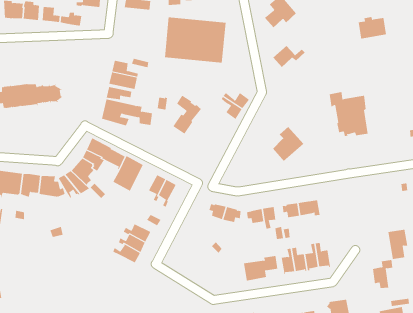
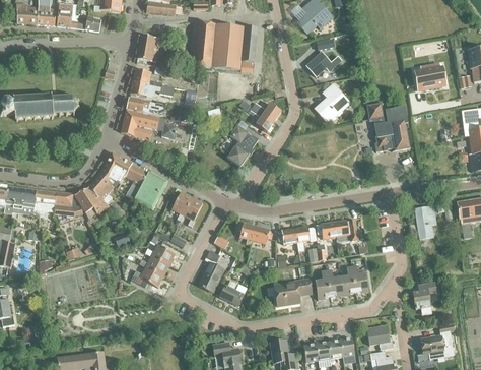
building: [358,16,387,39] -> [414,65,445,89]
building: none -> [136,35,159,61]
building: [172,95,202,135] -> [226,124,258,167]
building: [272,126,304,162] -> [315,83,349,122]
building: [387,229,408,259] -> [414,205,436,238]
building: none -> [198,261,223,292]
building: none -> [219,280,246,305]

